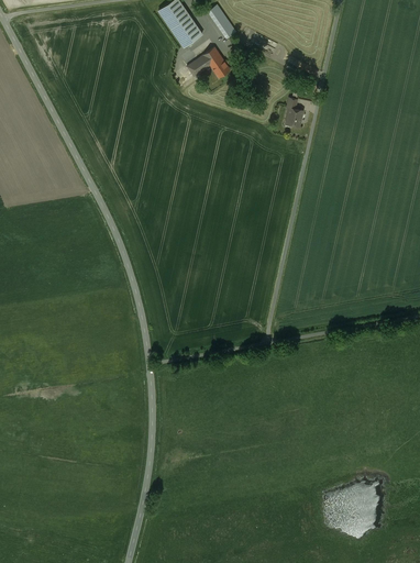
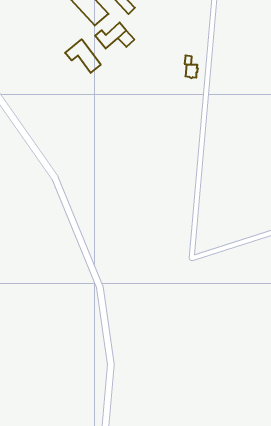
building: none -> [65,39,101,73]

